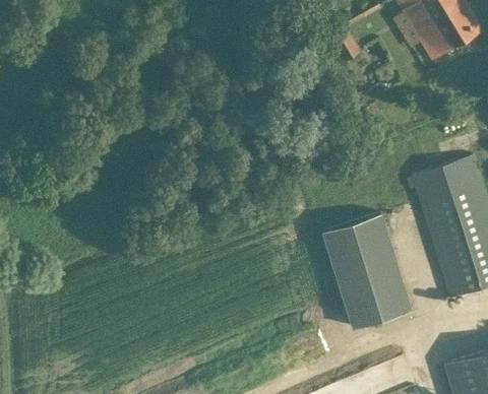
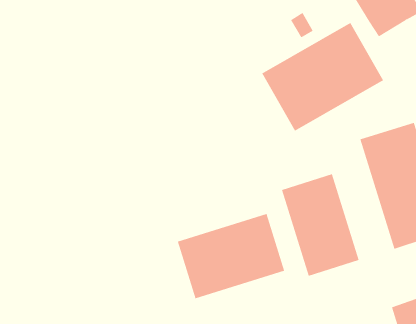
building: none -> [262,22,384,131]
building: none -> [177,213,285,299]

